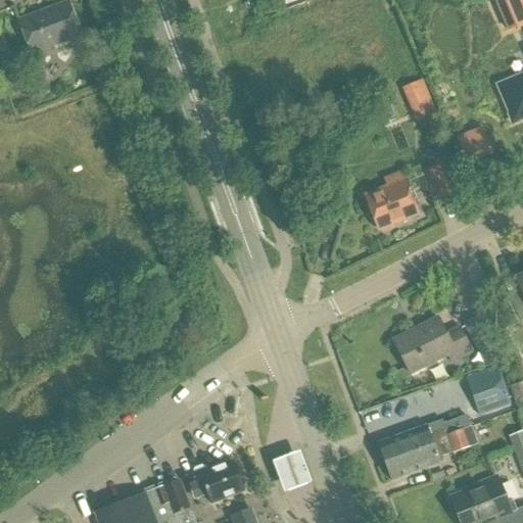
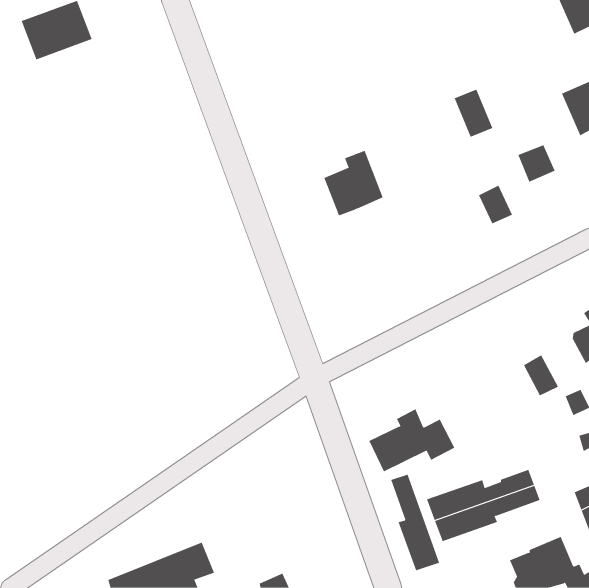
building: [366,171,419,229] -> [324,150,384,216]
building: [397,316,474,372] -> [368,409,455,472]
building: [466,366,511,415] -> none
building: none -> [391,474,440,571]
building: [273,456,314,496] -> none
building: [188,460,244,502] -> none

